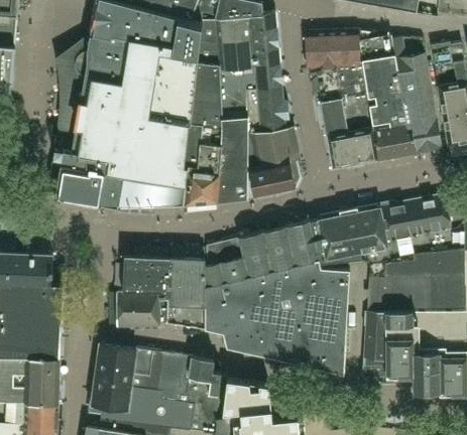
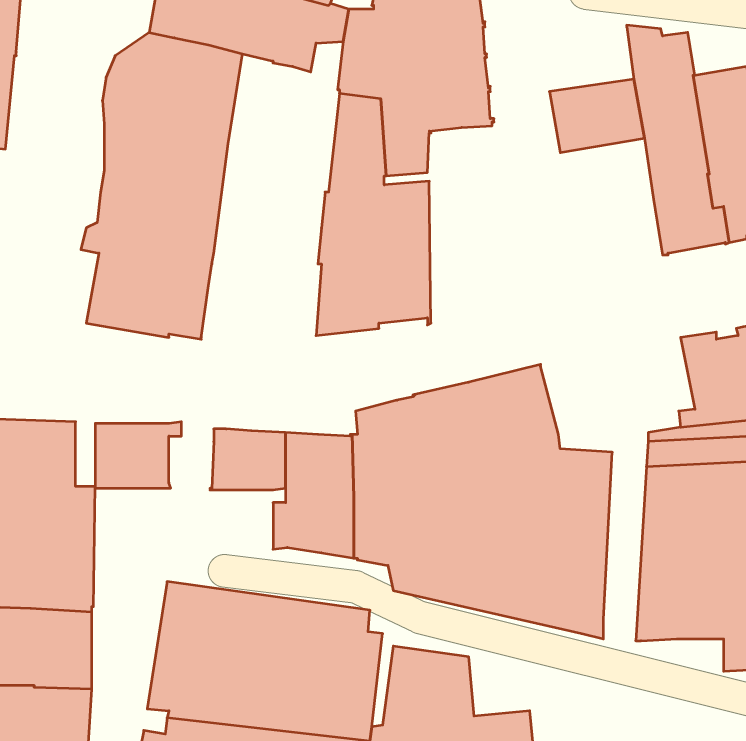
building: [306,31,362,69] -> none
building: [119,40,199,207] -> none
building: [247,88,301,197] -> none
building: [321,95,379,169] -> none
building: [310,206,396,264] -> none
building: [118,291,166,328] -> [95,422,181,488]

